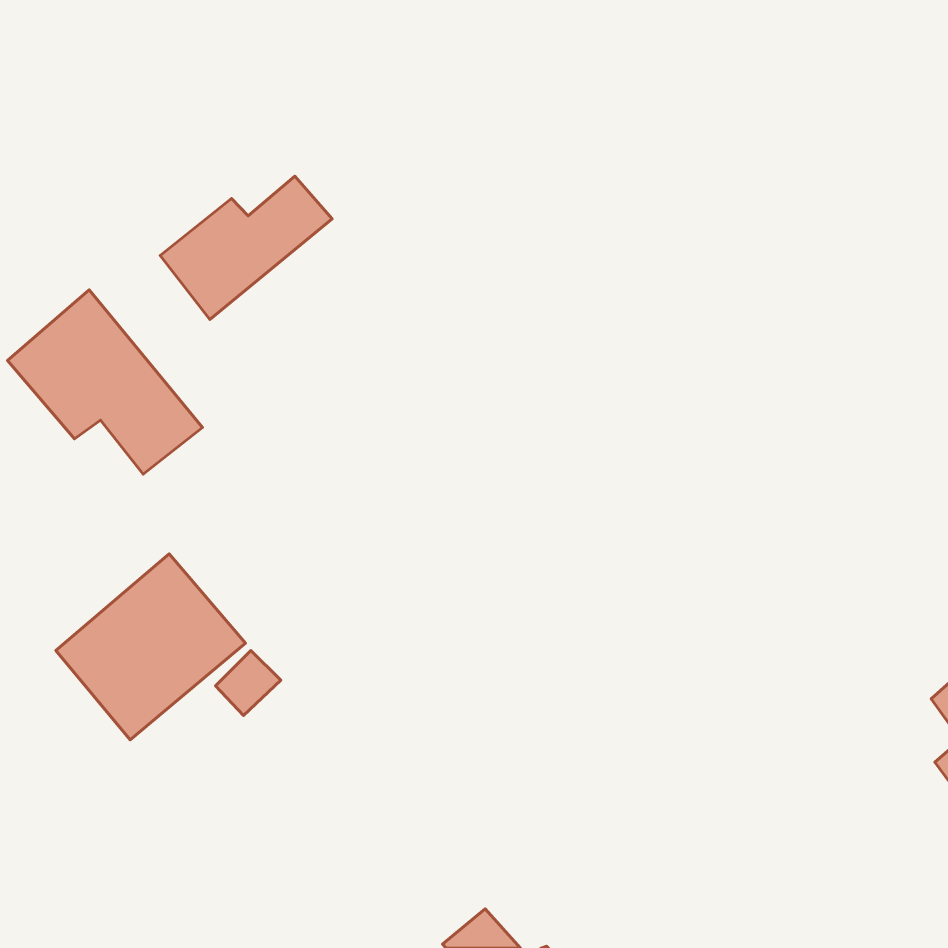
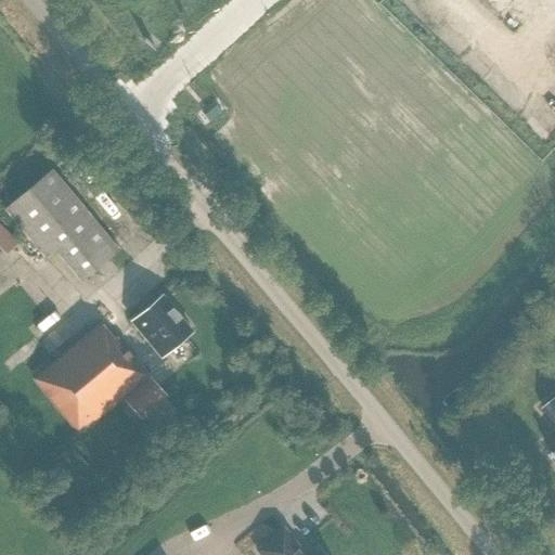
building: [160,176,332,320] -> none
building: none -> [134,296,192,354]

